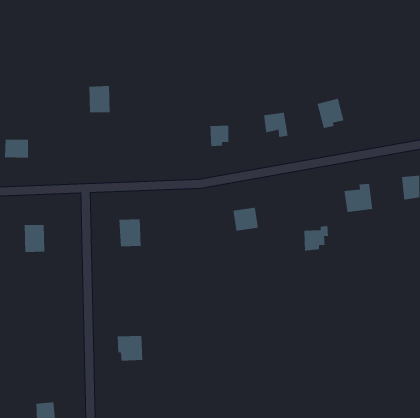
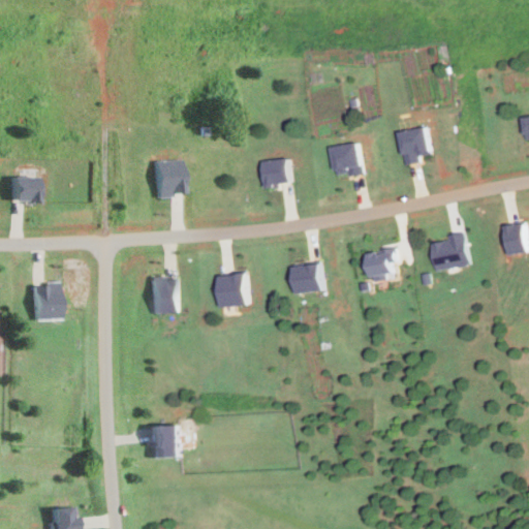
building: [88,85,111,113] -> [152,160,180,195]
building: none -> [218,273,250,306]
building: [303,225,329,252] -> [367,247,399,280]

